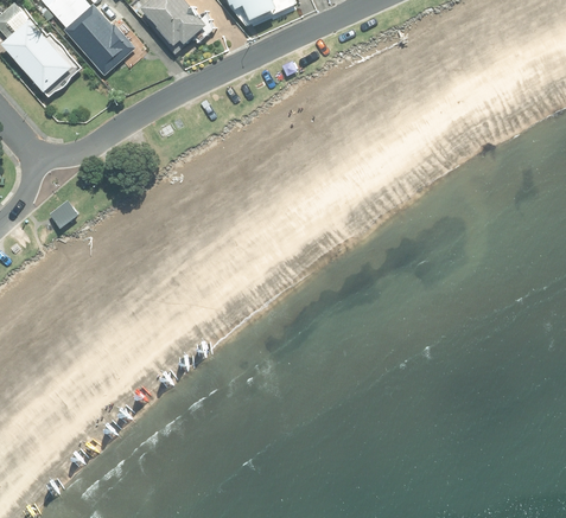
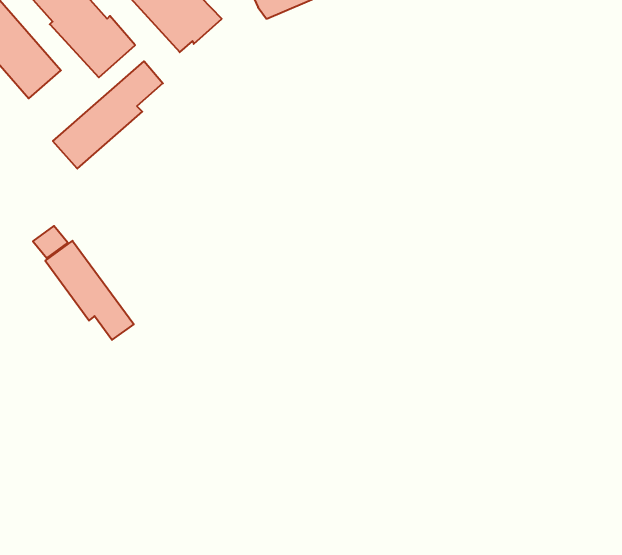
building: none -> [53,61,163,169]
building: none -> [45,241,134,340]

